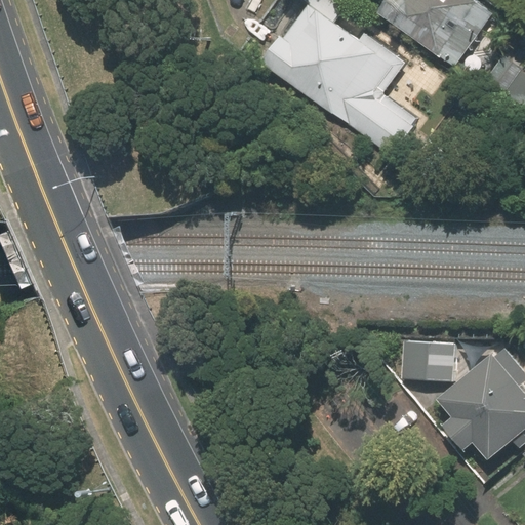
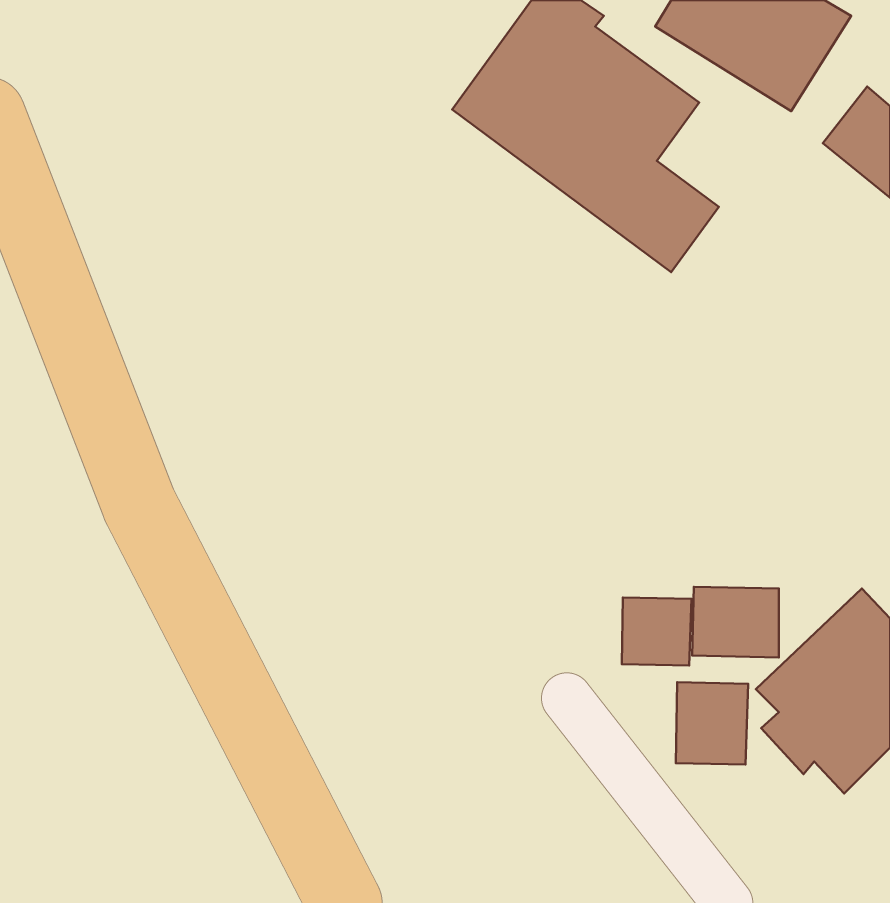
building: none -> [622,597,692,665]
building: none -> [676,682,748,765]

